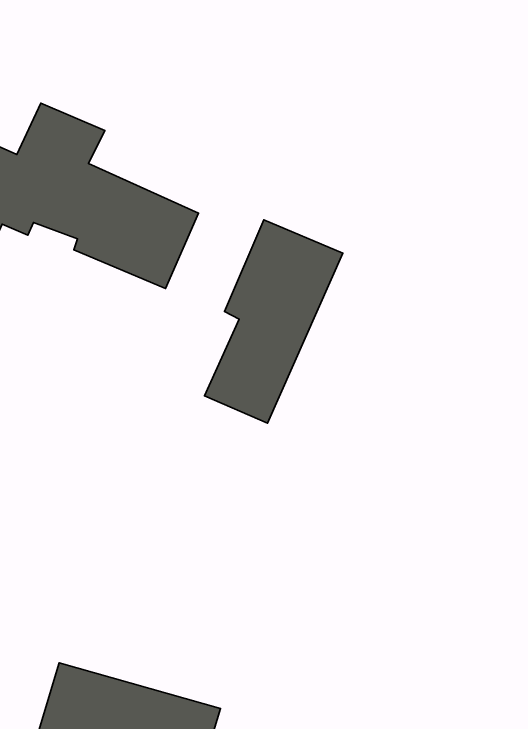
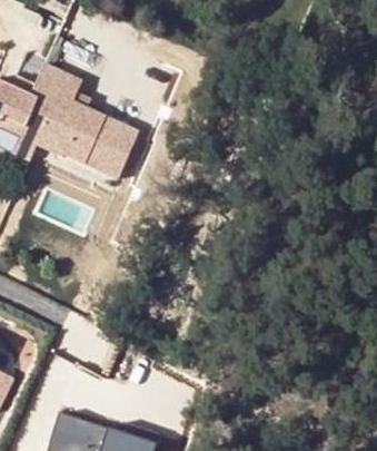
building: [204,220,343,423] -> none

